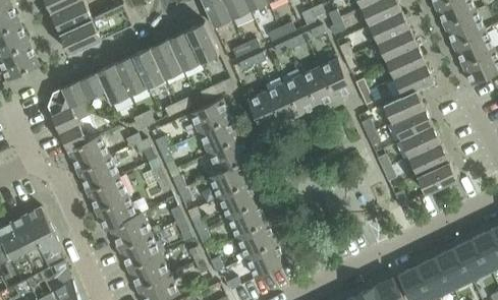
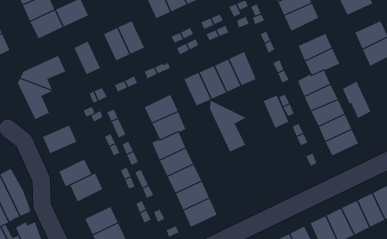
building: [443,10,484,45] -> none
building: [184,22,218,63] -> none
building: [376,27,418,61] -> none
building: [131,47,165,87] -> none
building: [320,60,351,101] -> [263,95,289,129]
building: [96,63,129,104] -> none
building: [189,99,231,134] -> none
building: none -> [342,81,371,118]
building: none -> [209,100,247,152]
building: [67,134,109,170] -> none
building: [86,176,127,212] -> none
building: [118,233,159,268] -> none

